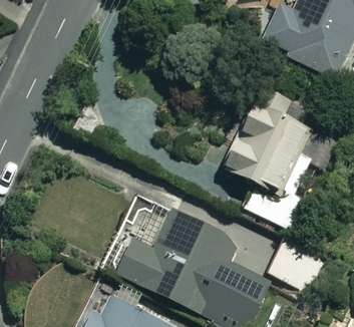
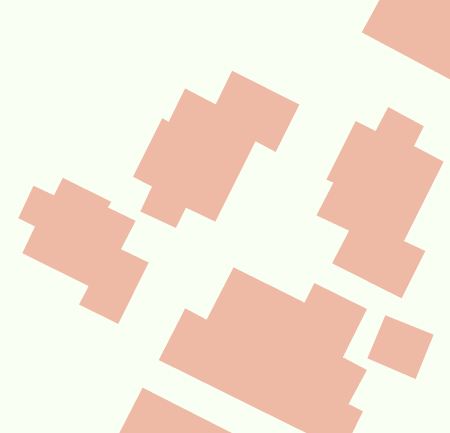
building: none -> [132,70,300,229]
building: none -> [18,177,150,325]

